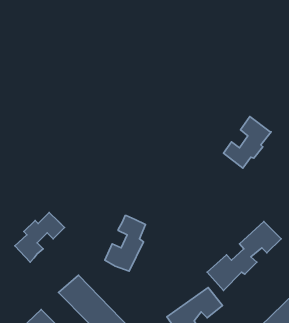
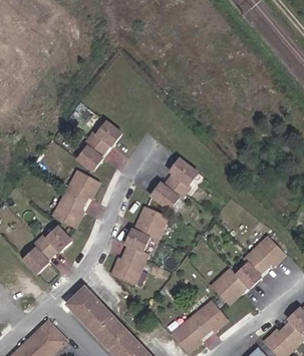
building: none -> [73,120,120,171]
building: [223,117,271,168] -> [151,157,199,209]
building: none -> [51,170,99,229]
building: none -> [137,206,168,241]

